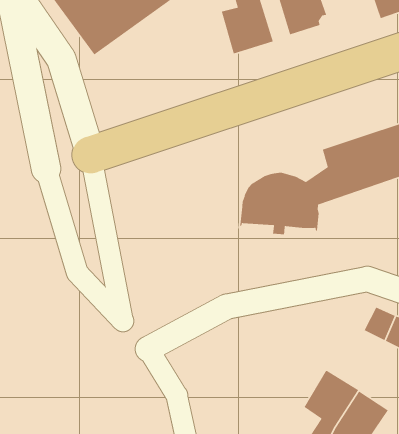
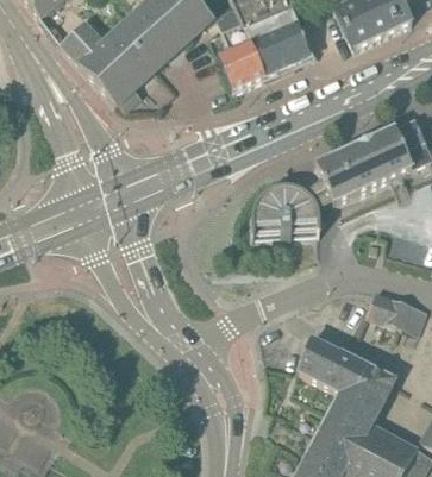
building: none -> [299,337,338,383]

